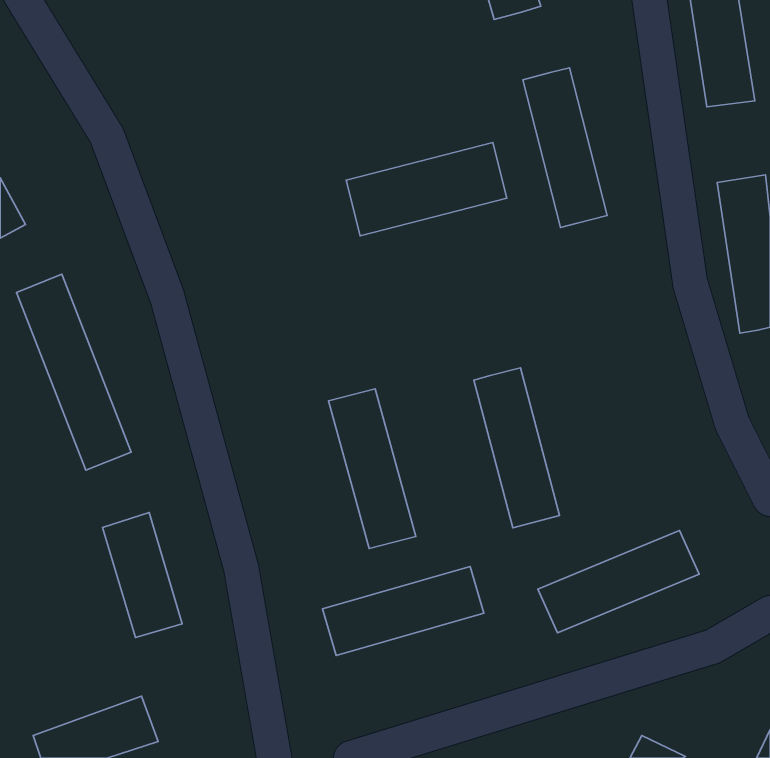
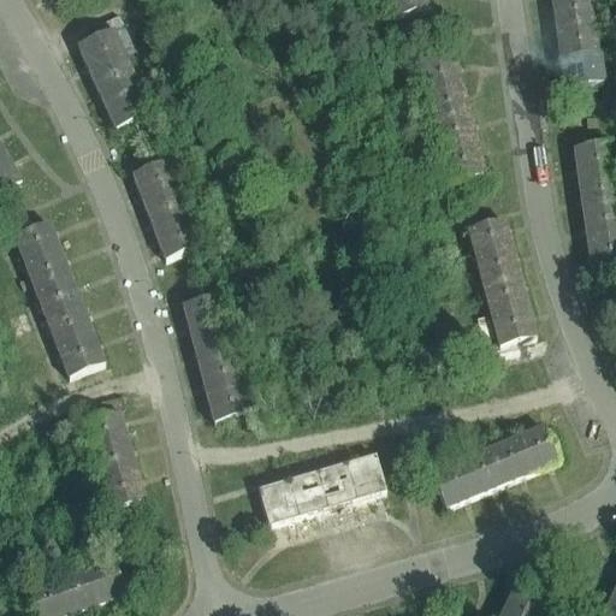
building: none -> [77,26,150,126]
building: [346,143,507,236] -> none
building: none -> [132,158,201,257]
building: [474,368,560,528] -> [467,217,535,344]
building: [328,389,416,548] -> [182,292,251,420]

